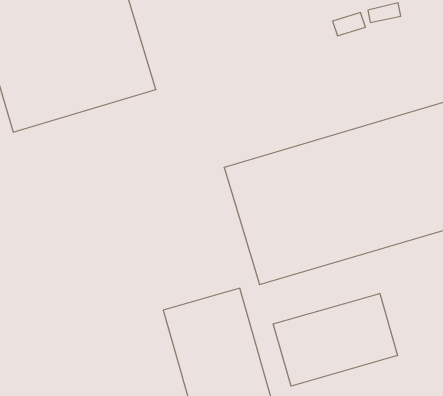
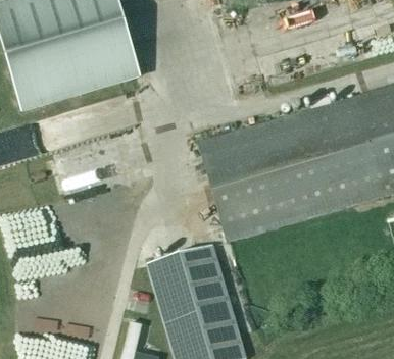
building: [273,293,397,386] -> none

